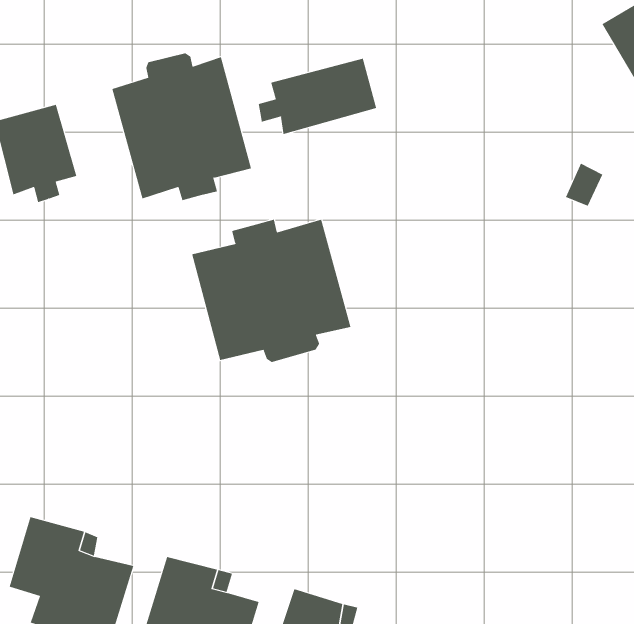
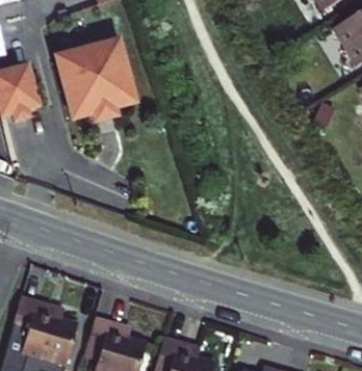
building: [258,58,377,135] -> none
building: [192,219,351,363] -> none

